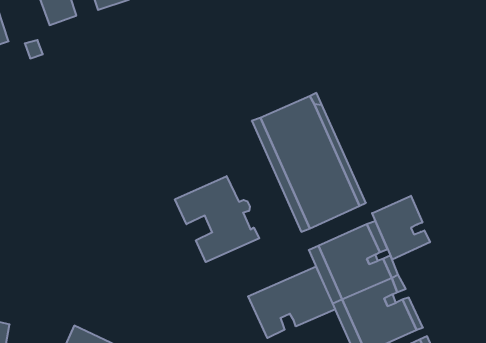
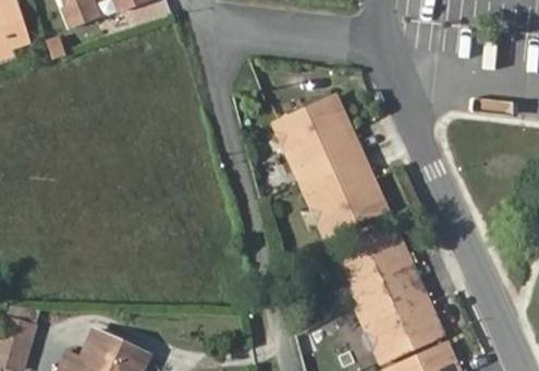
building: [175,176,259,262] -> none
building: [372,196,430,259] -> none
building: [248,266,335,338] -> none

